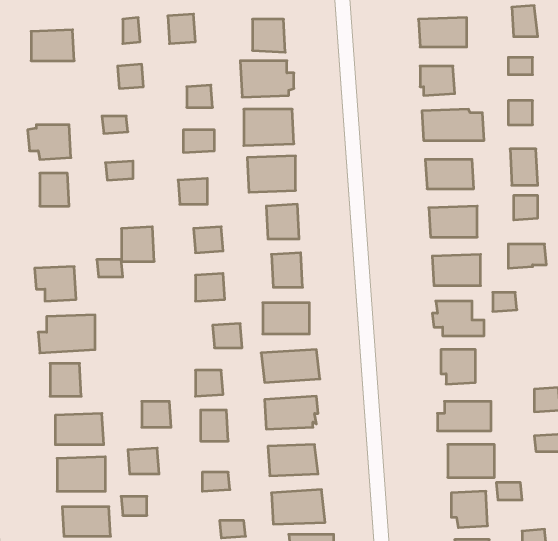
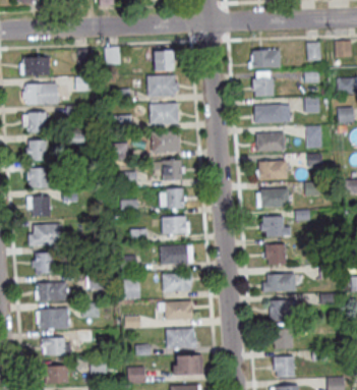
building: none -> [25,83,59,104]
building: [121,227,154,261] -> [29,167,49,187]

